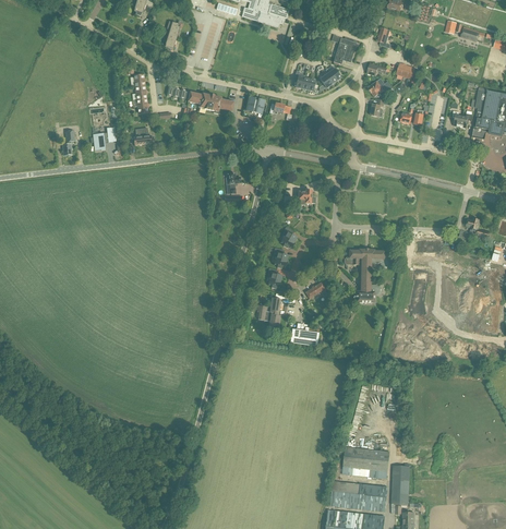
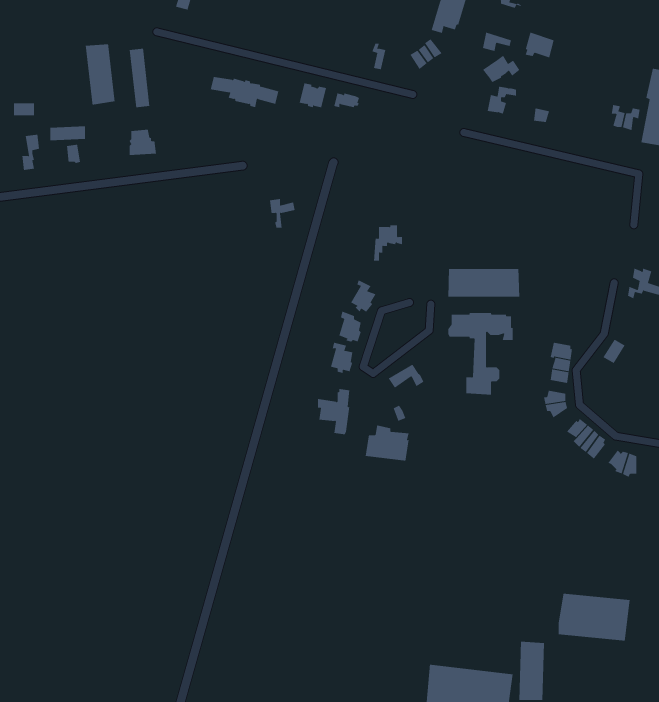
building: none -> [85,43,115,105]
building: none -> [448,268,520,297]
building: [342,446,390,478] -> [558,593,631,641]

